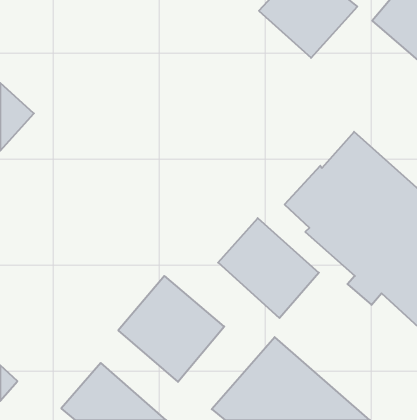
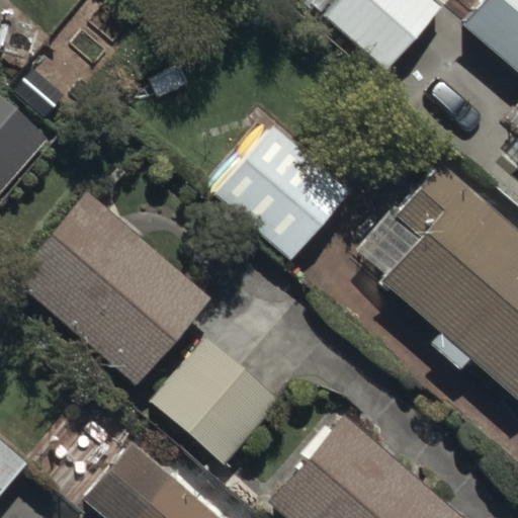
building: none -> [217,123,354,261]
building: none -> [12,192,209,385]
building: [218,218,319,318] -> none

